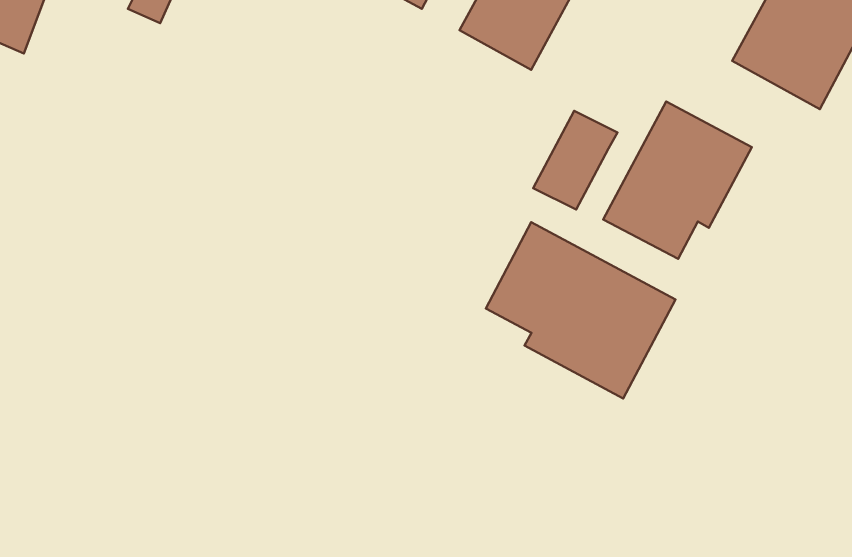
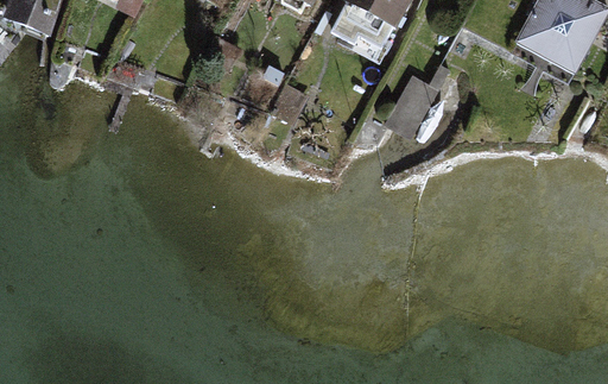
building: [603,102,752,259] -> none
building: [486,222,676,398] -> none

